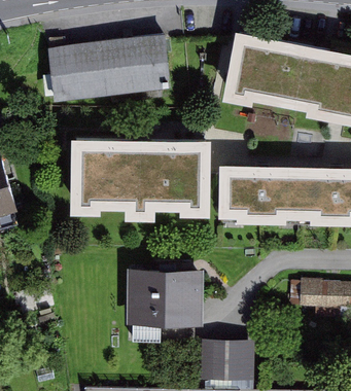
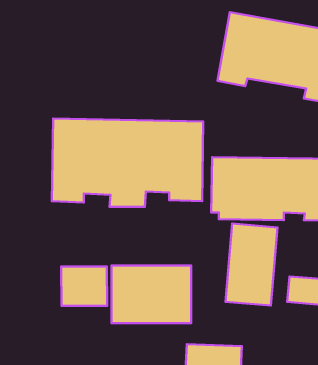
building: [47,33,166,93] -> none
building: none -> [226,224,277,306]
building: none -> [61,267,107,306]

